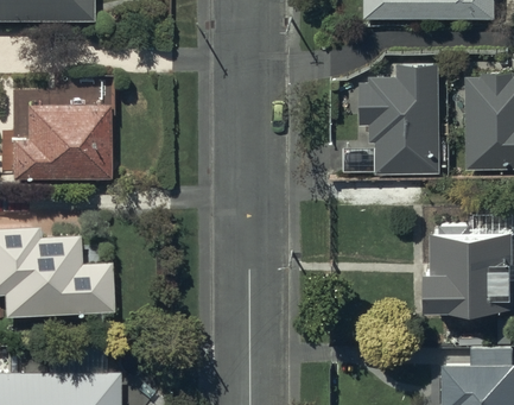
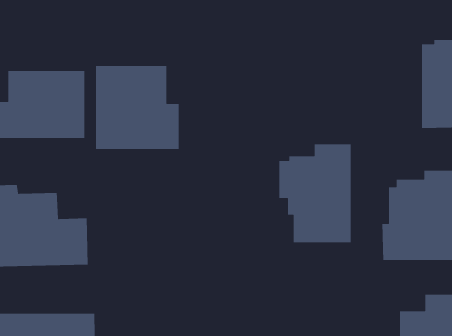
building: [361,67,439,173] -> [278,143,352,243]
building: none -> [95,65,179,150]

